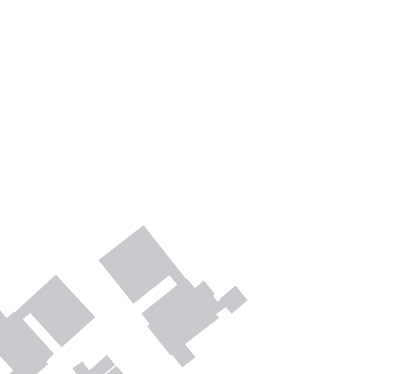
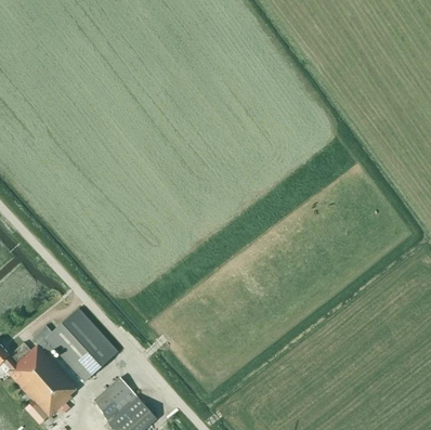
building: [98,224,248,368] -> none

